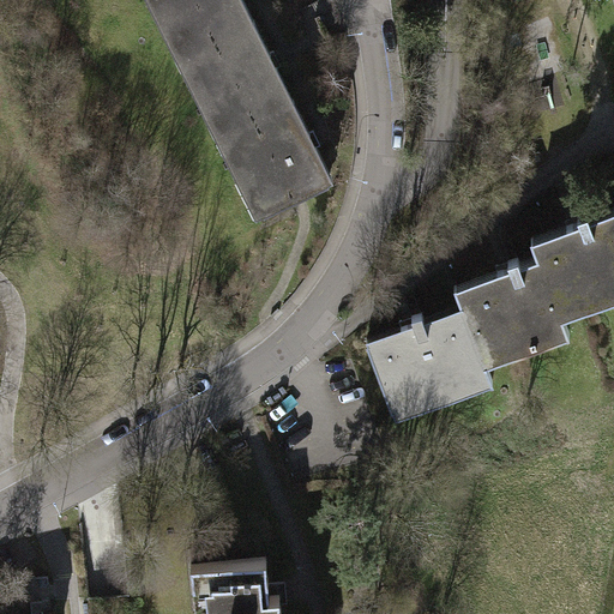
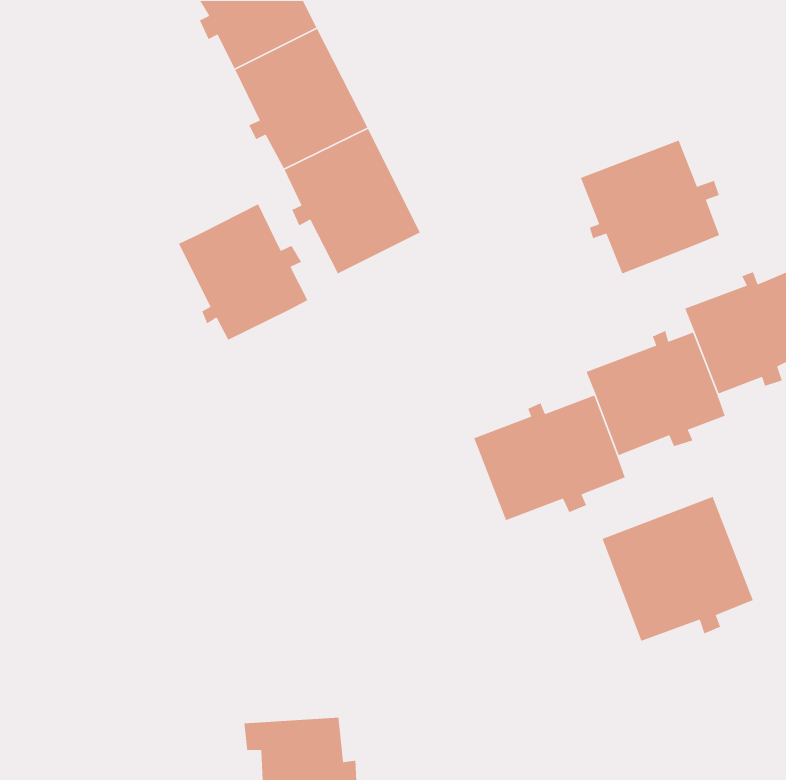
building: none -> [580,139,720,274]
building: none -> [178,203,309,341]
building: none -> [601,496,754,642]

